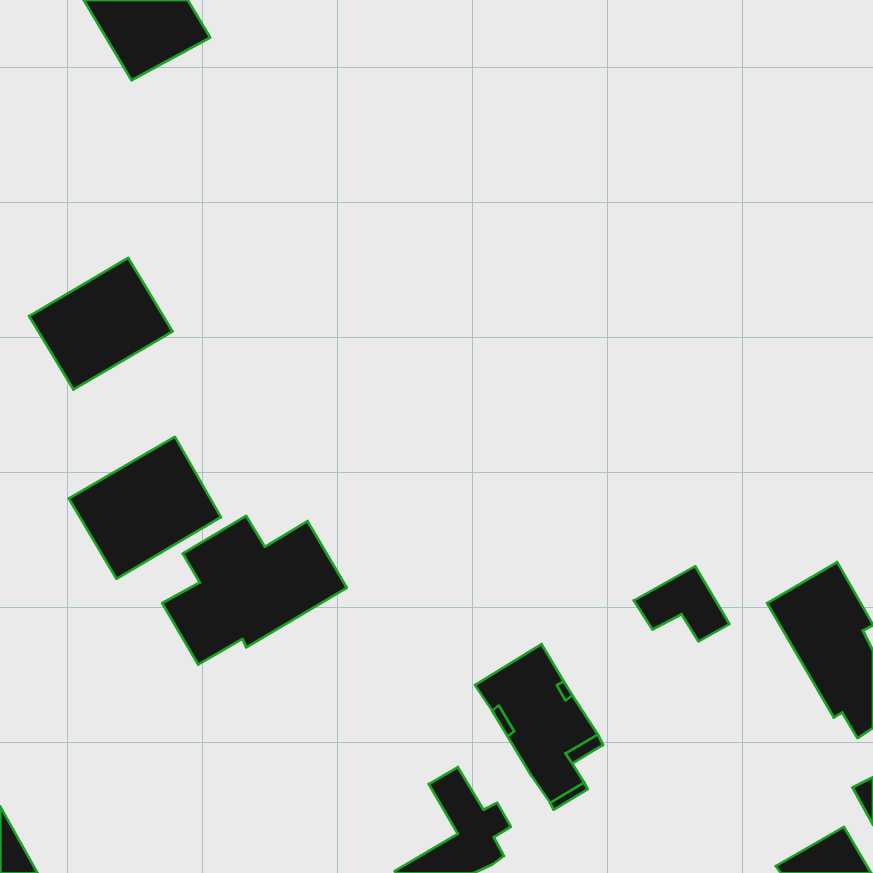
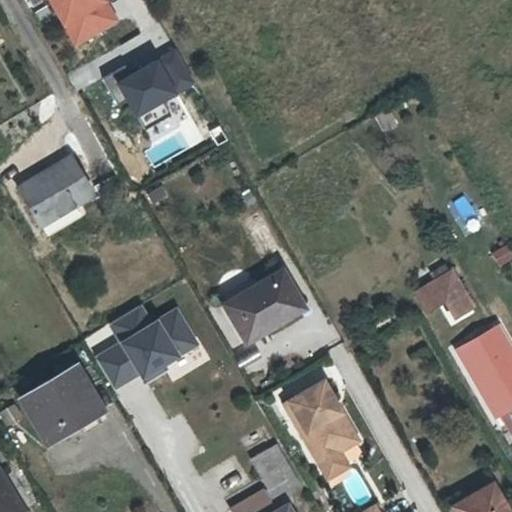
building: none -> [119,45,199,129]
building: [69,437,221,579] -> [19,361,108,444]
building: none -> [223,273,302,345]
building: [634,566,729,641] -> [416,273,472,317]

